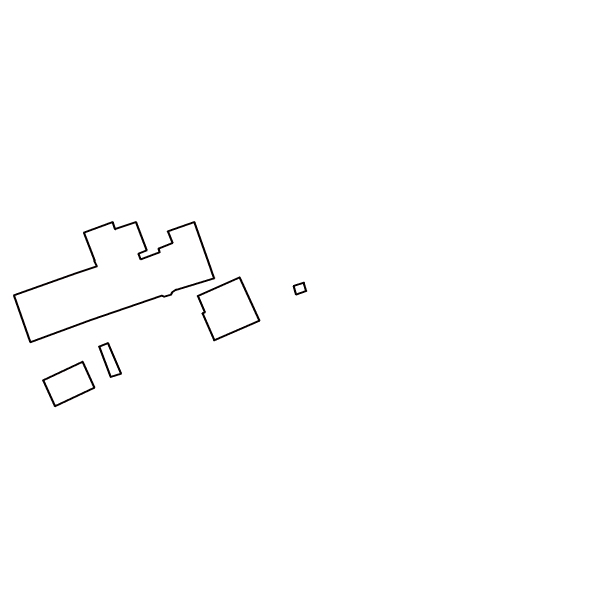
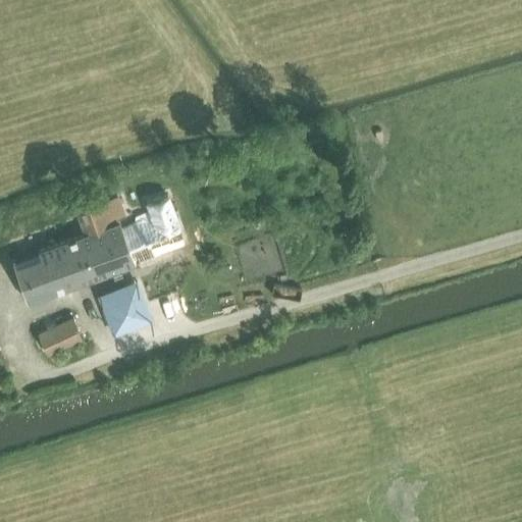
building: [198,277,259,340] -> [98,282,152,337]

